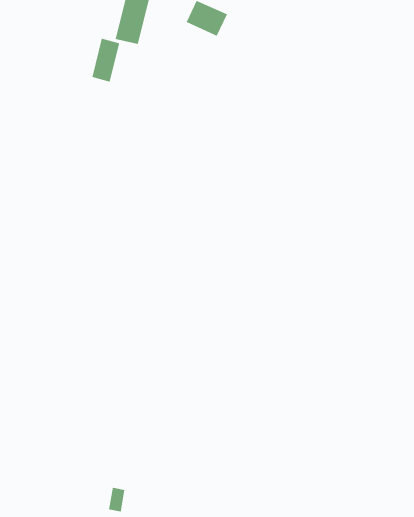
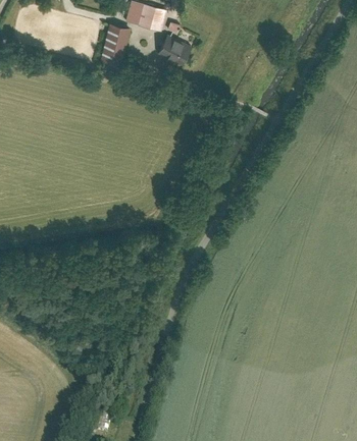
building: [92,38,120,83] -> none

